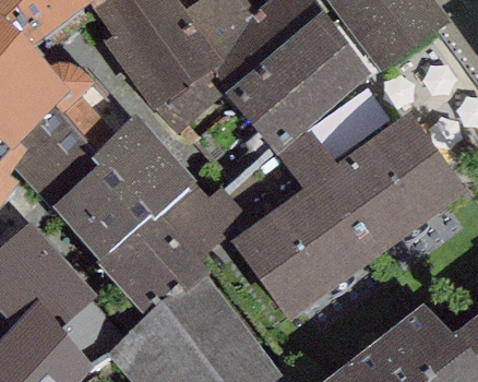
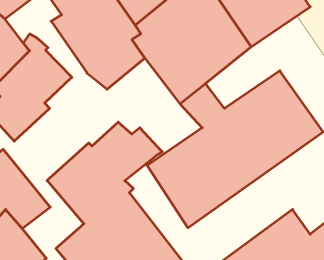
building: [47,111,193,258] -> none

